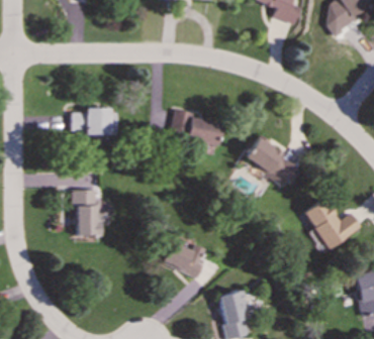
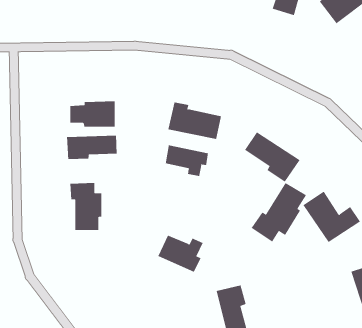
building: none -> [67,135,117,160]
building: none -> [165,144,208,177]
building: none -> [251,182,307,243]

